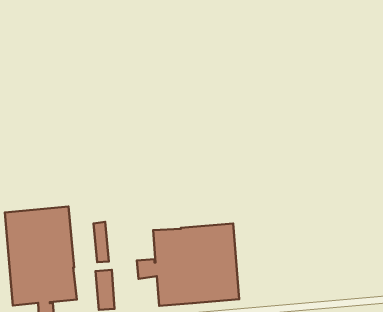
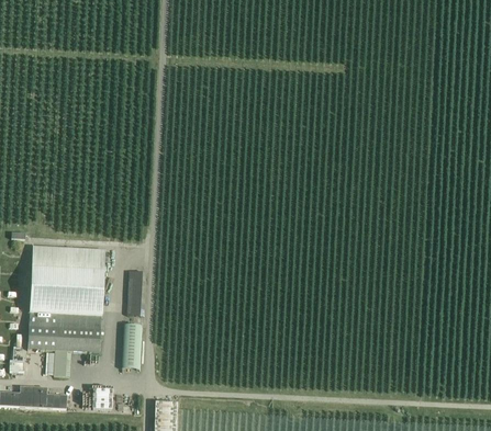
building: [137,224,239,306] -> none

